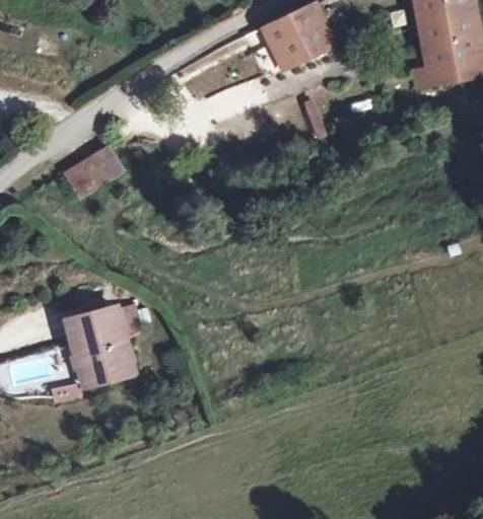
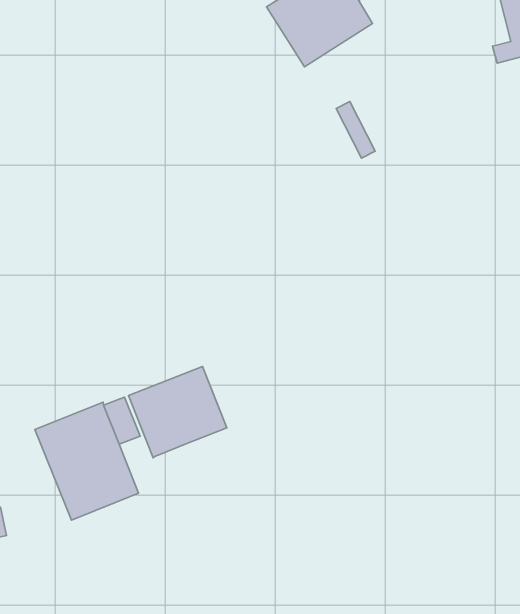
building: [63,141,122,192] -> none
building: none -> [128,367,227,458]

